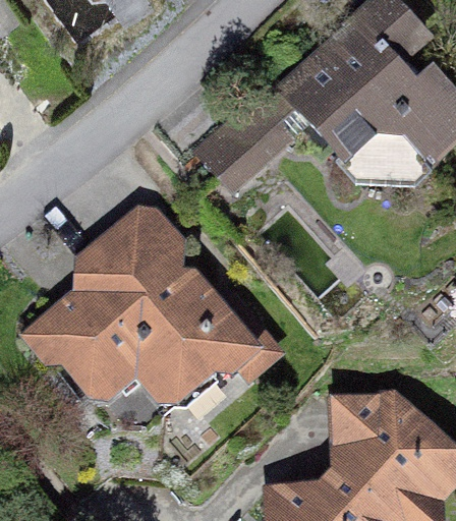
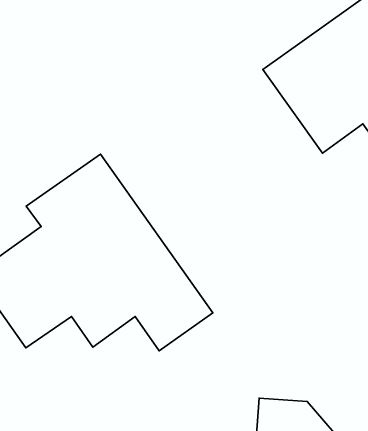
building: [188,96,288,193] -> none

